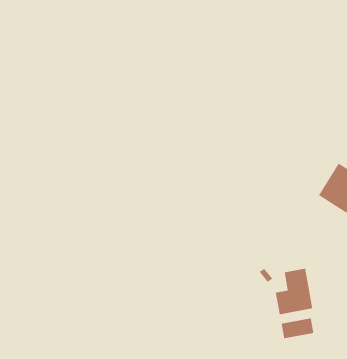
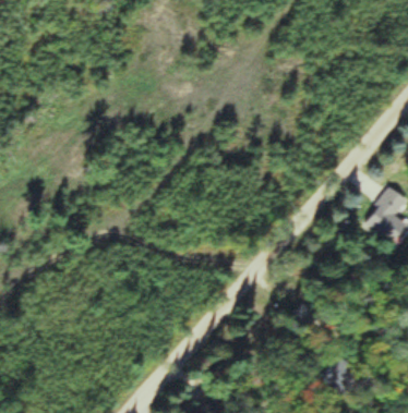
building: [275,268,313,315] -> none

